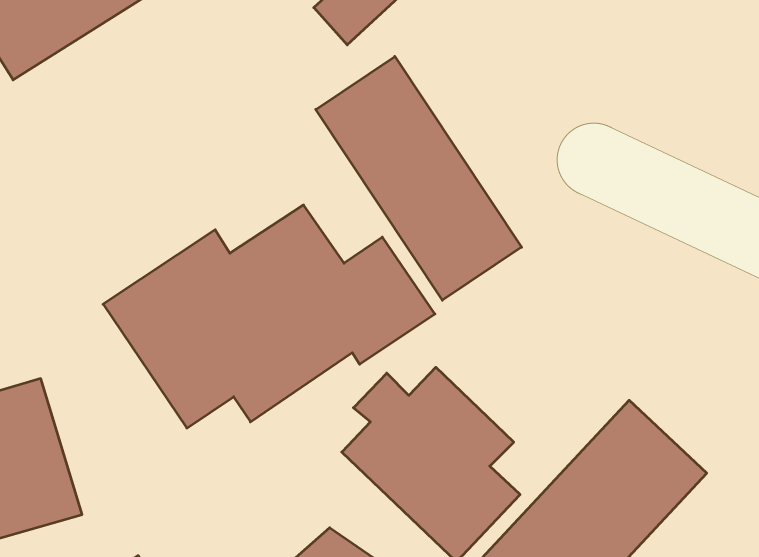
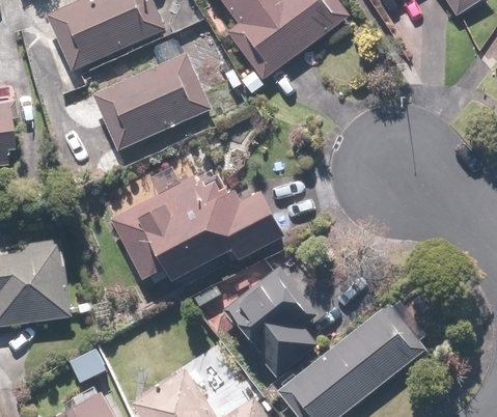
building: none -> [92,53,210,149]
building: [316,56,522,300] -> none

